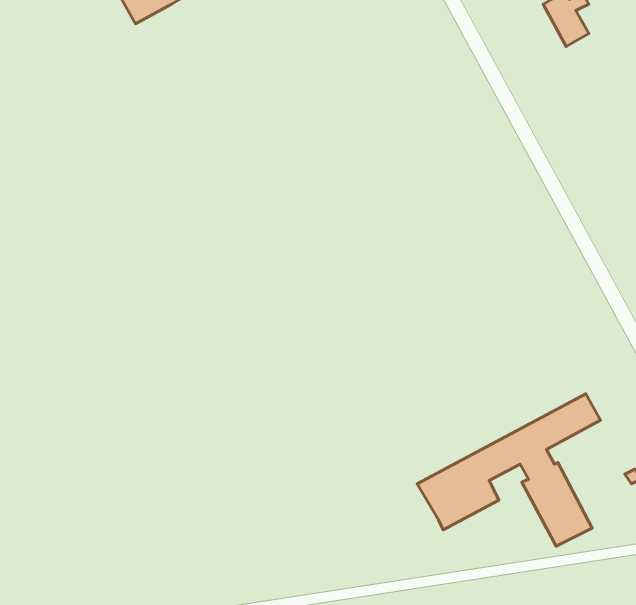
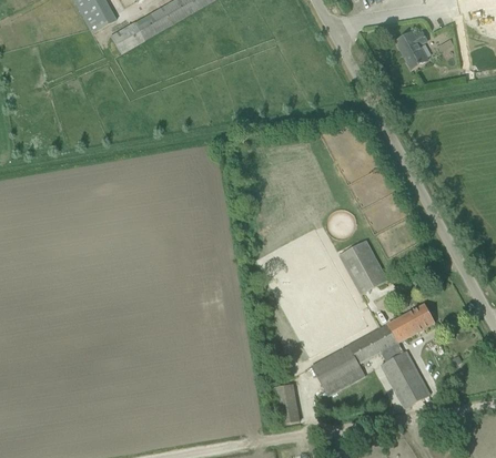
building: none -> [340,238,388,294]
building: none -> [275,383,302,424]

